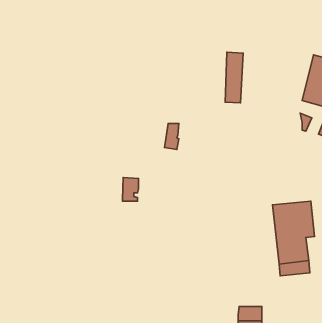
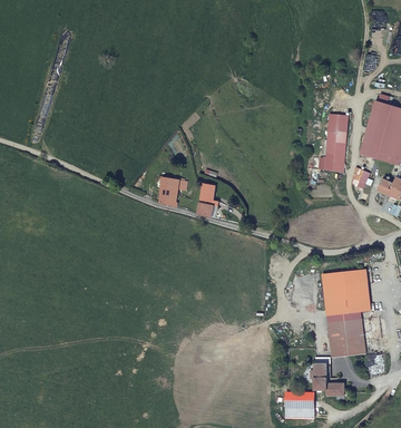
building: [225,52,243,103] -> [323,114,344,173]
building: [122,177,139,201] -> [159,177,178,205]
building: none -> [314,358,343,392]

